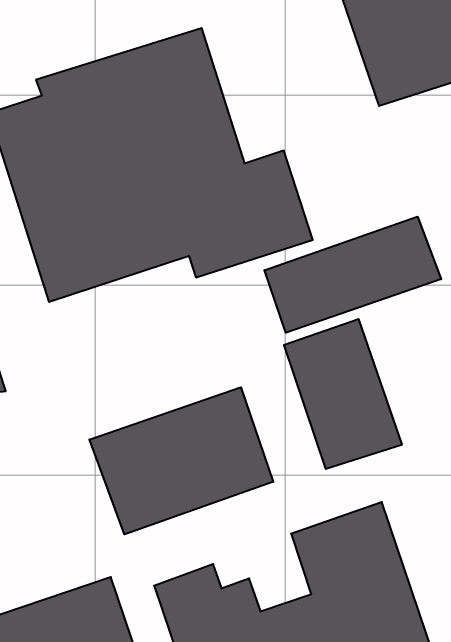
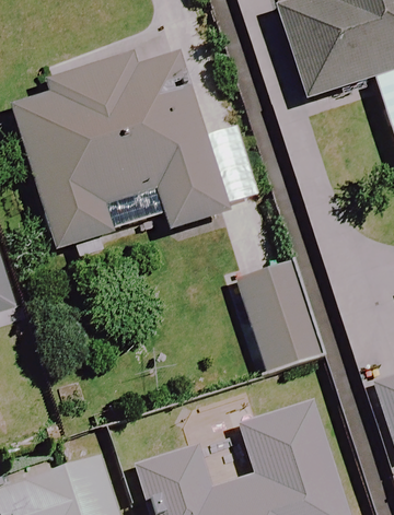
building: [264,217,441,333] -> none
building: [89,387,273,534] -> none

